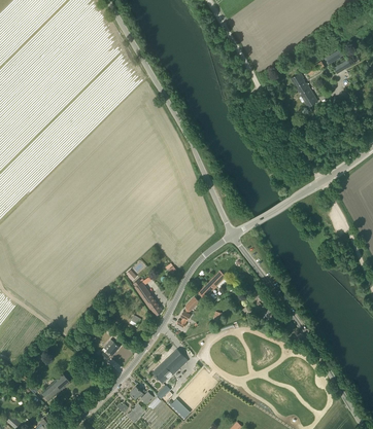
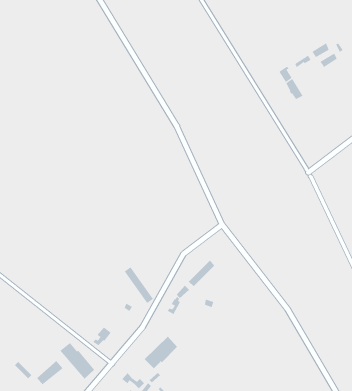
building: none -> [59,342,95,379]

